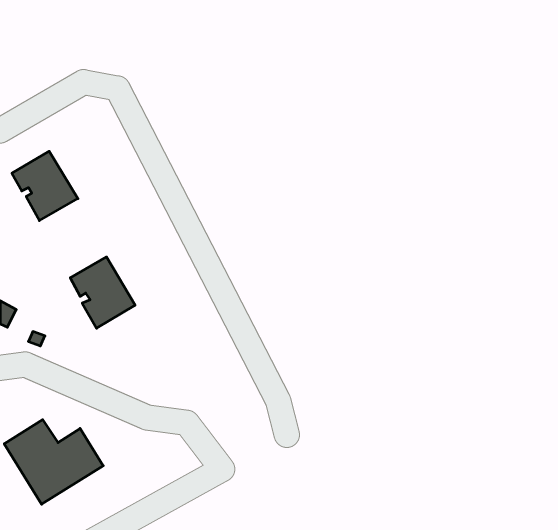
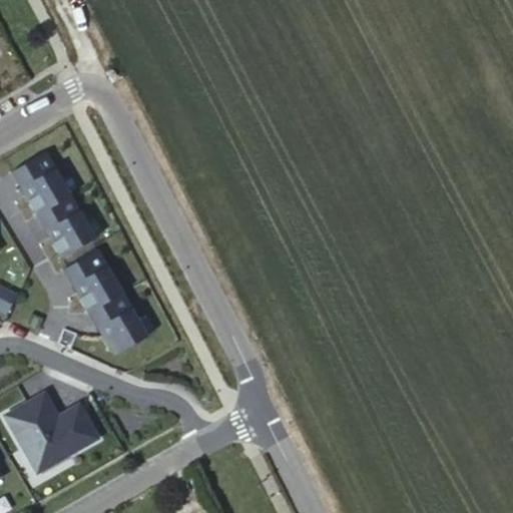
building: none -> [36,195,94,256]
building: none -> [88,293,147,354]

